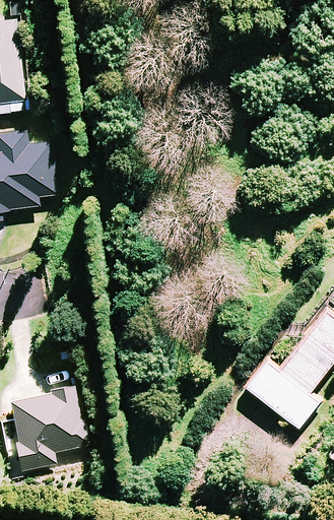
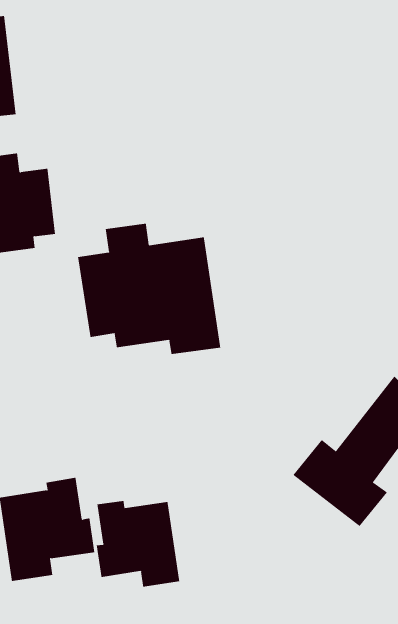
building: none -> [77,223,221,355]
building: none -> [96,500,180,588]

